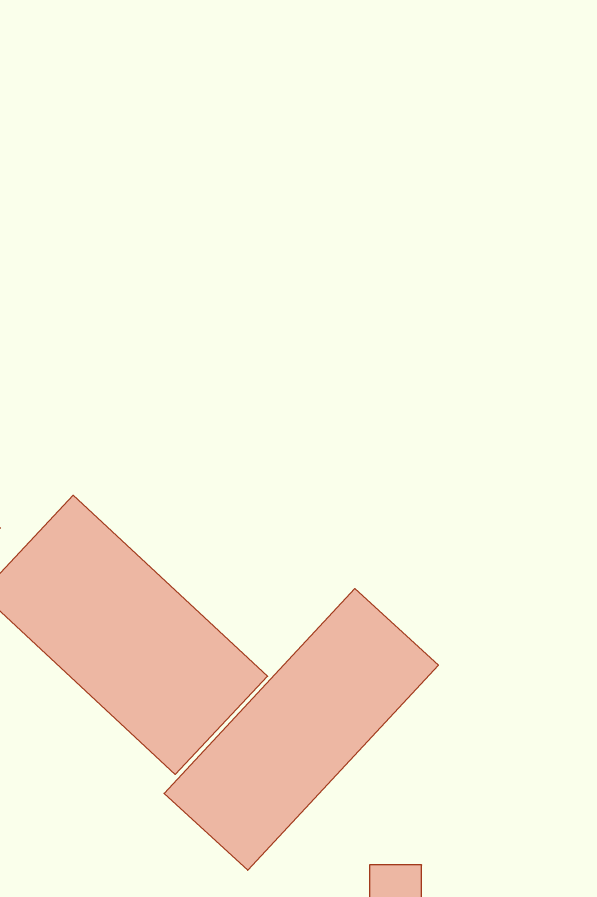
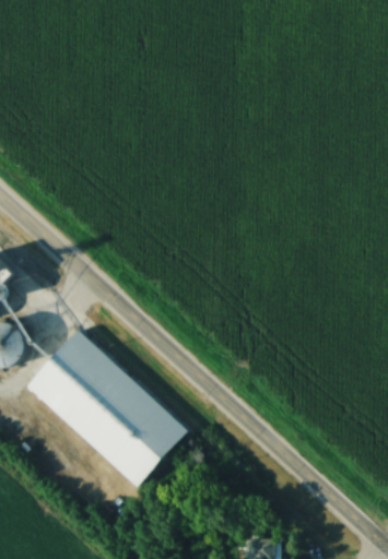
building: [164,589,438,870] -> none

